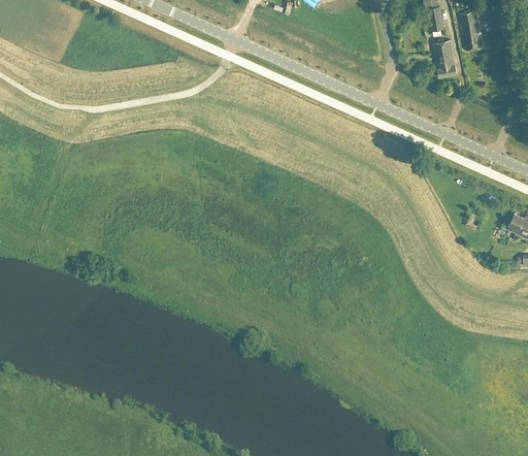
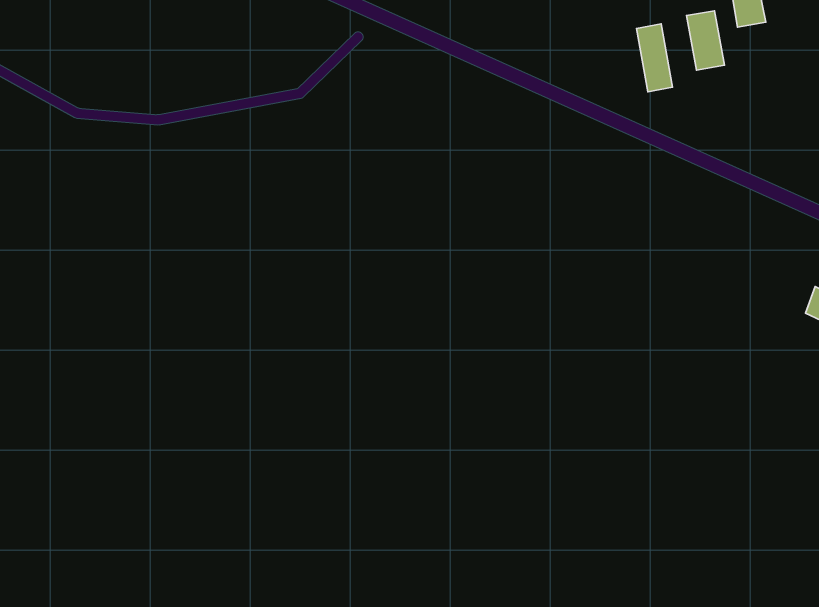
building: none -> [636,24,673,92]

